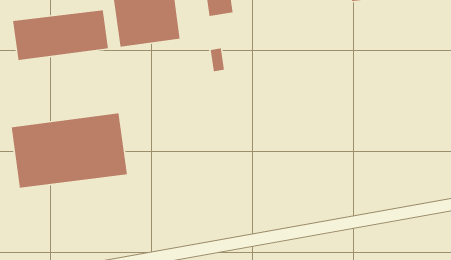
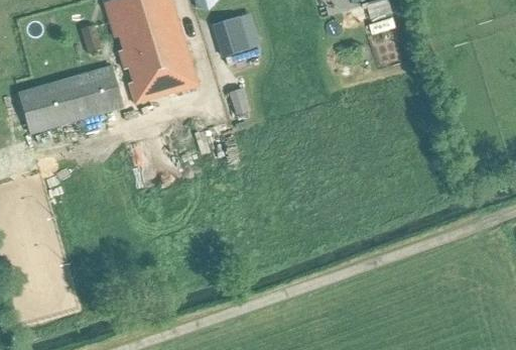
building: [11,112,128,188] -> none

